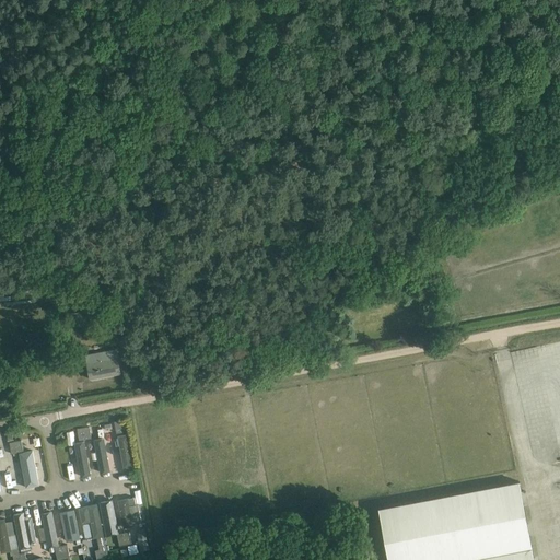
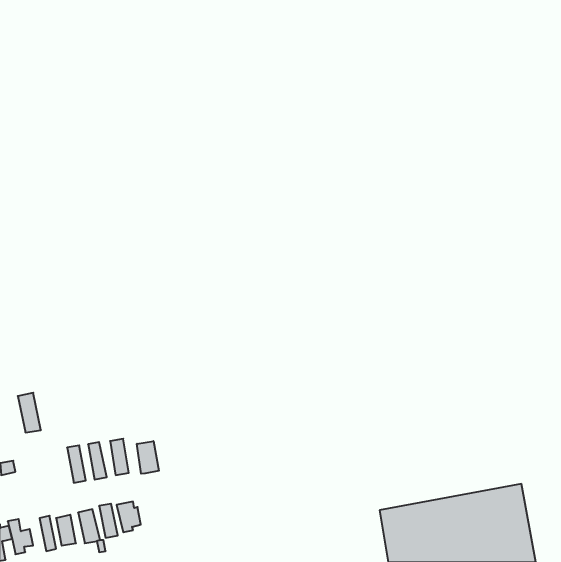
building: [86,358,119,380] -> none
building: none -> [137,441,159,474]
building: [19,450,42,489] -> [18,393,41,432]

